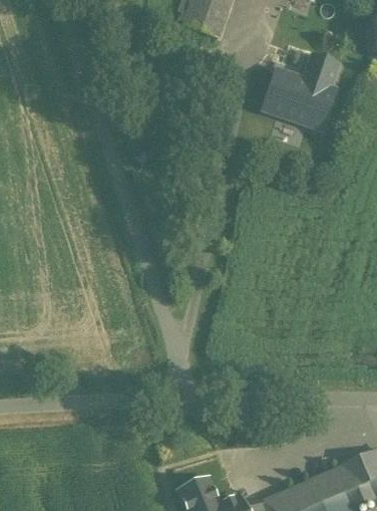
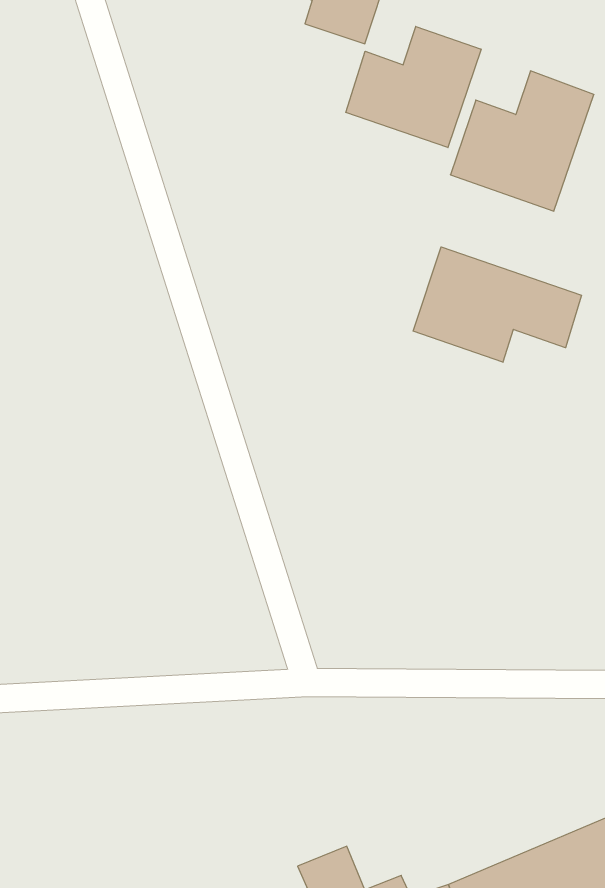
building: none -> [346,26,481,148]
building: none -> [413,247,582,362]

